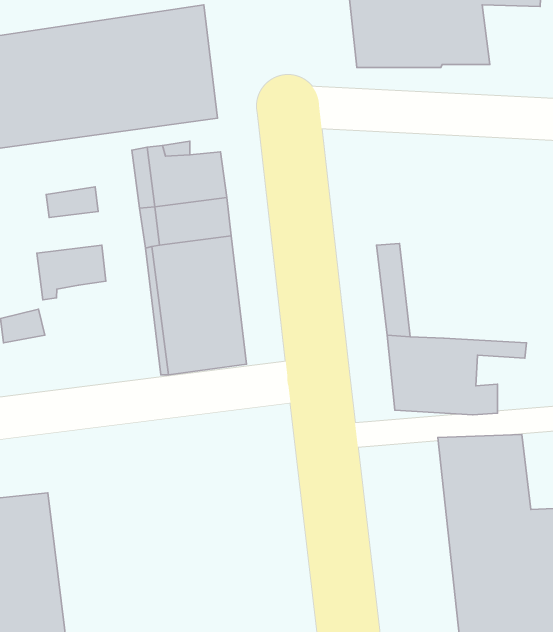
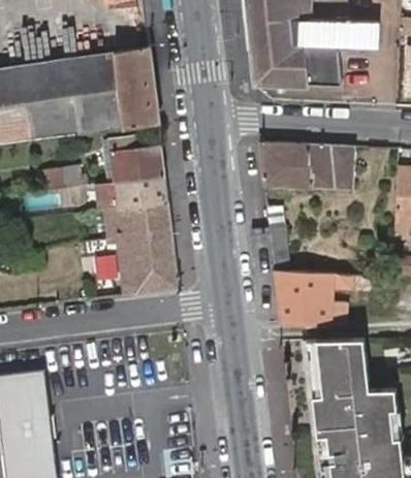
building: none -> [258,141,355,189]
building: [37,245,106,300] -> none

